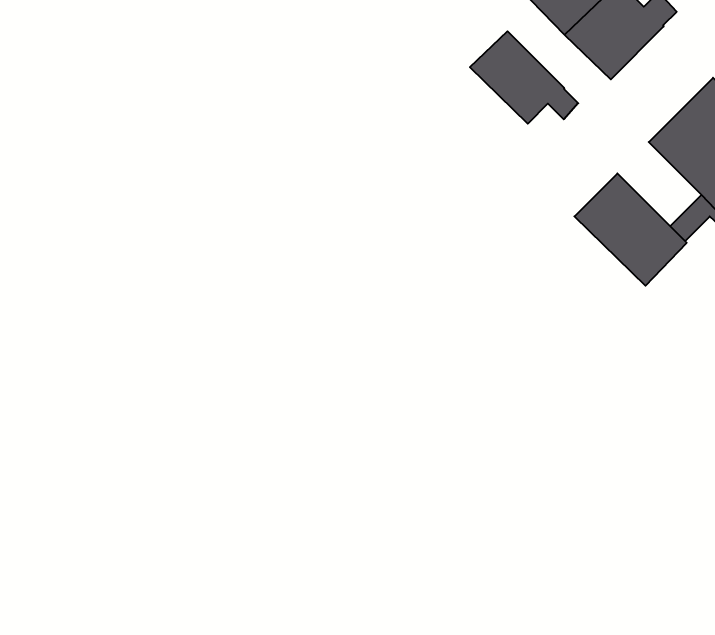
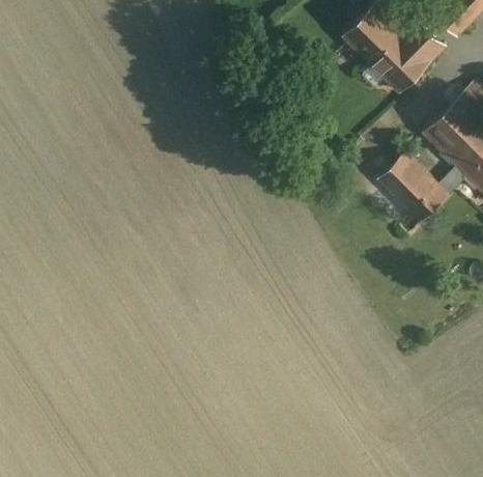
building: [470,31,578,124] -> none

